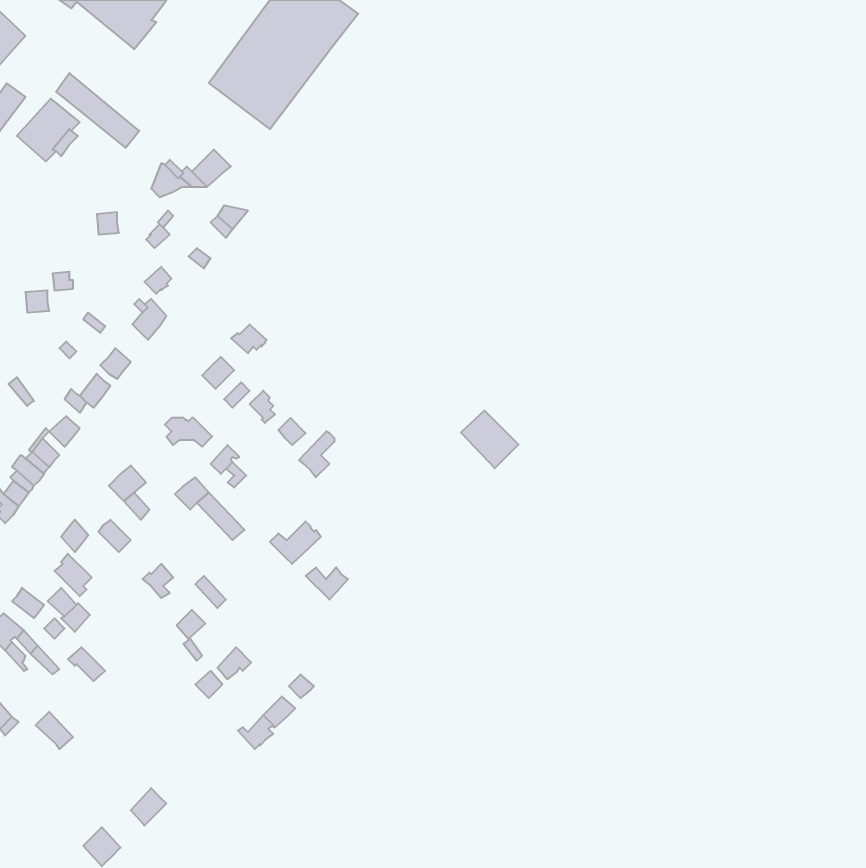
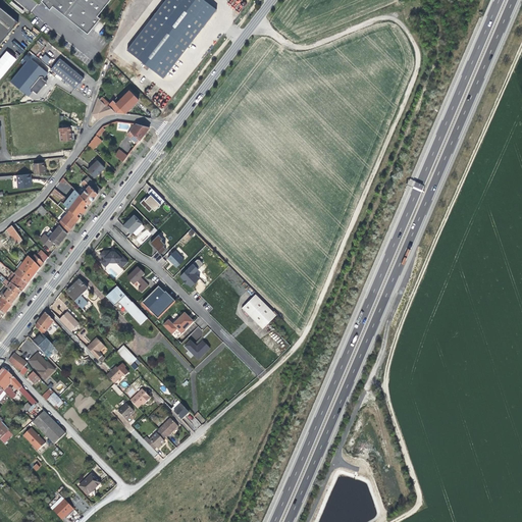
building: none -> [62,189,89,217]
building: [461,411,519,468] -> [241,294,275,328]
building: none -> [142,286,174,319]
building: none -> [32,411,65,443]

